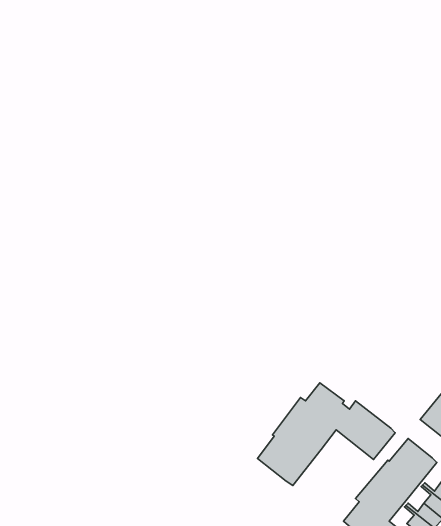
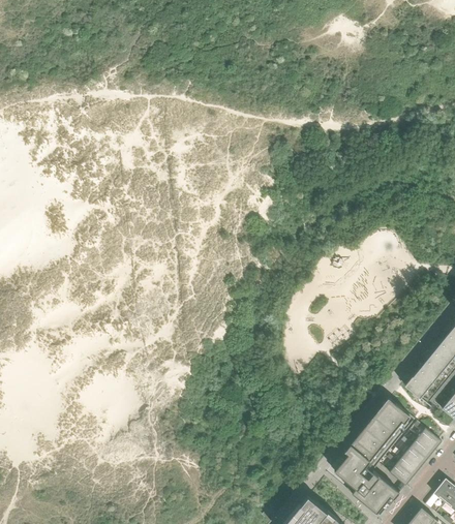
building: [258,383,395,486] -> none

